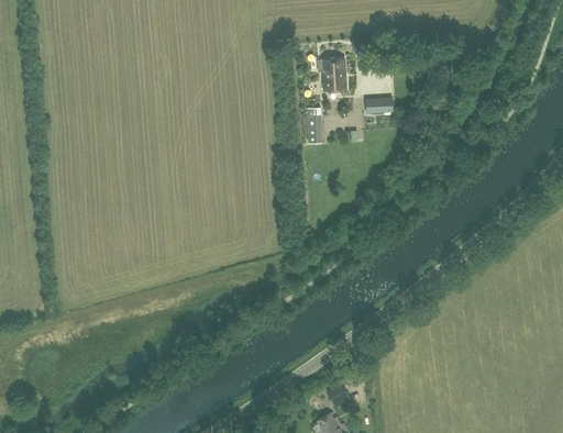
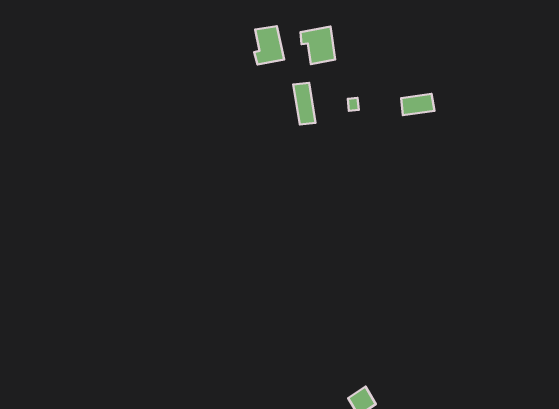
building: none -> [254,26,284,64]
building: [365,98,394,114] -> [401,94,435,115]

